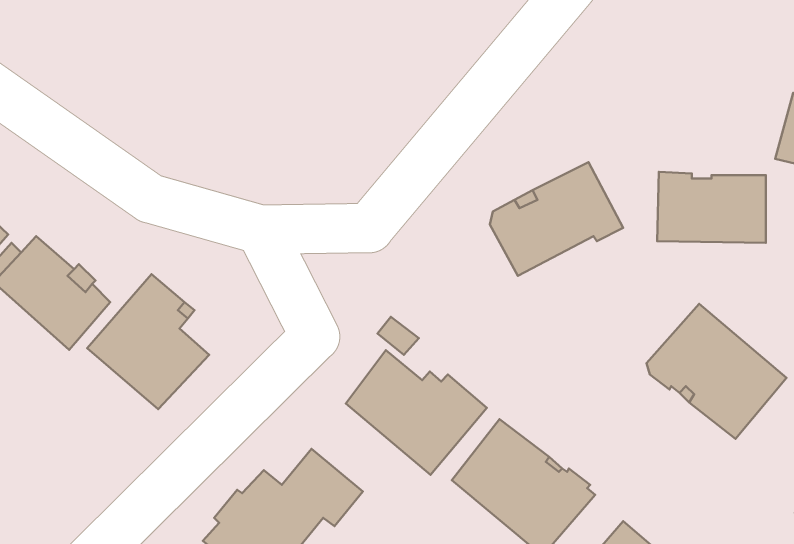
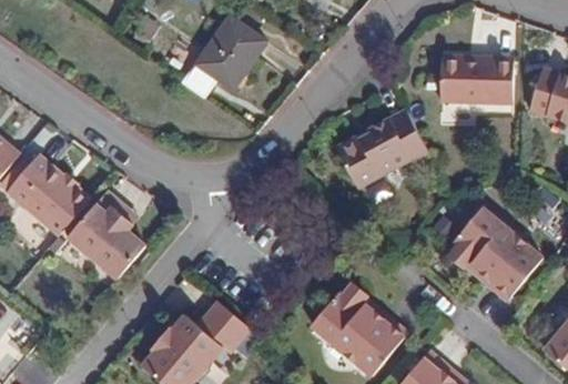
building: none -> [181,14,264,97]
building: [657,172,766,243] -> [440,54,514,102]
building: [346,350,487,475] -> none

